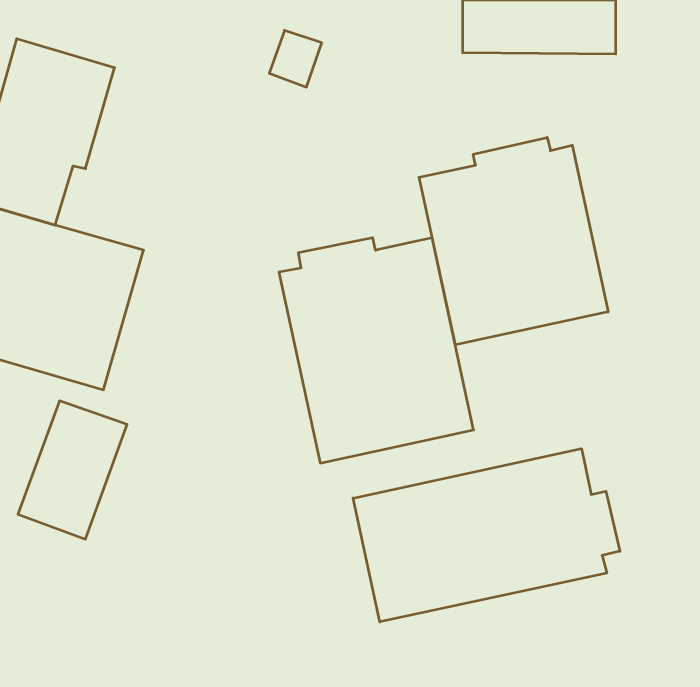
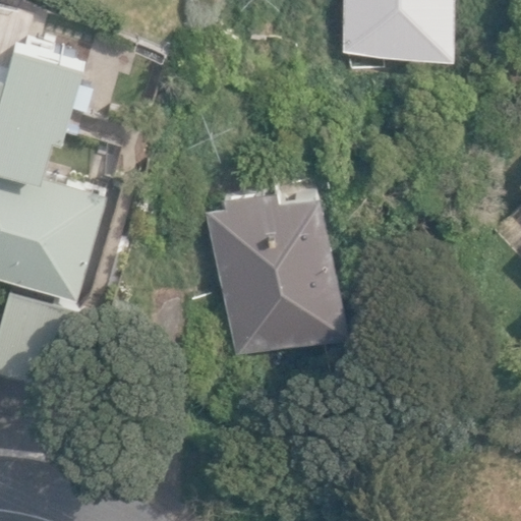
building: [419,137,608,345] -> none
building: [353,449,620,622] -> none

